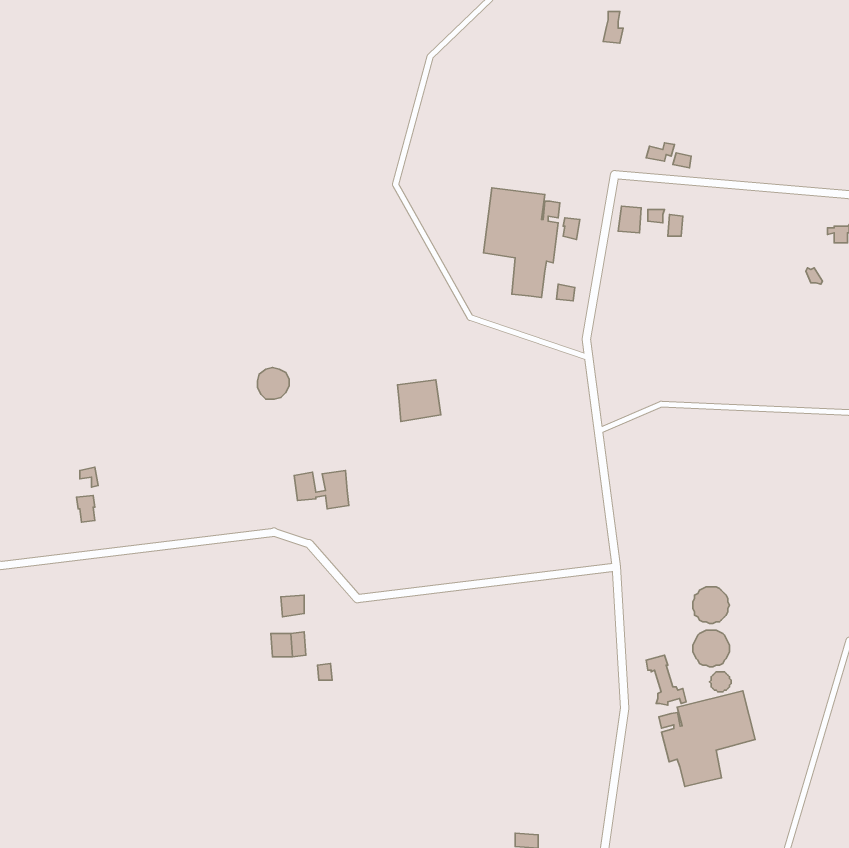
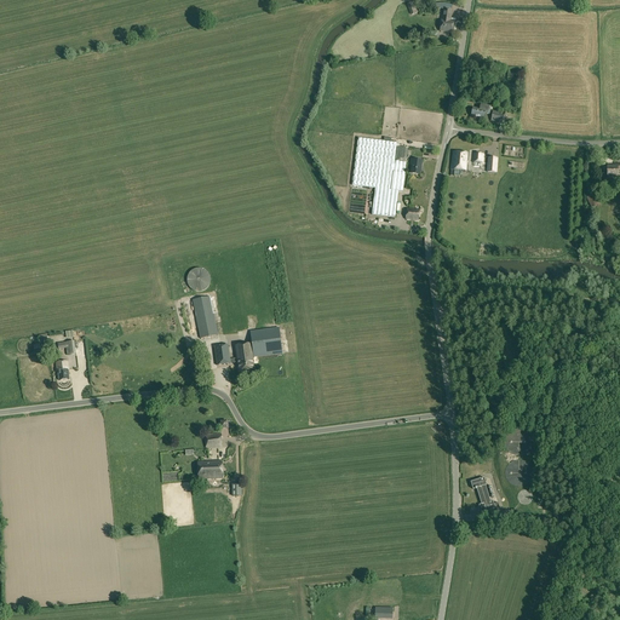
building: [398,380,441,421] -> [251,327,282,357]
building: none -> [193,295,218,338]
building: [659,691,755,787] -> none

